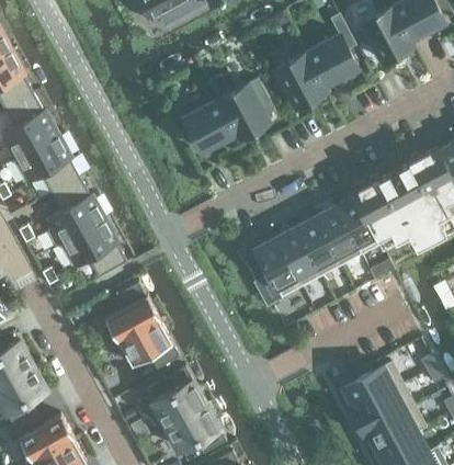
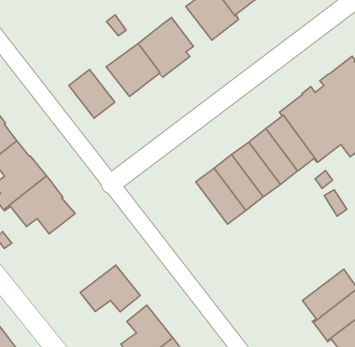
building: none -> [69,69,115,118]
building: [104,283,159,343] -> none

